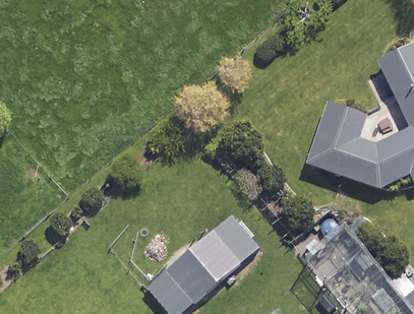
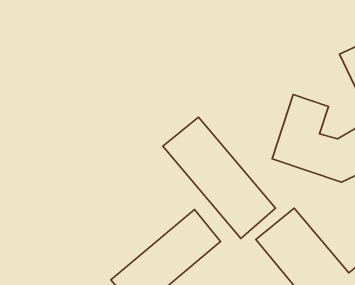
building: none -> [163,117,275,238]

